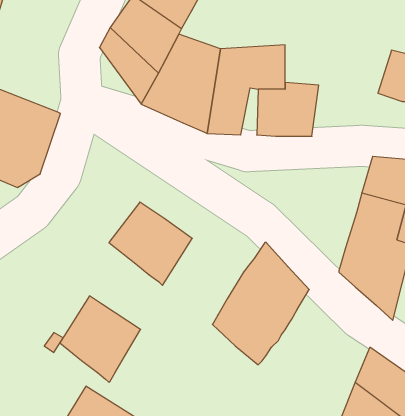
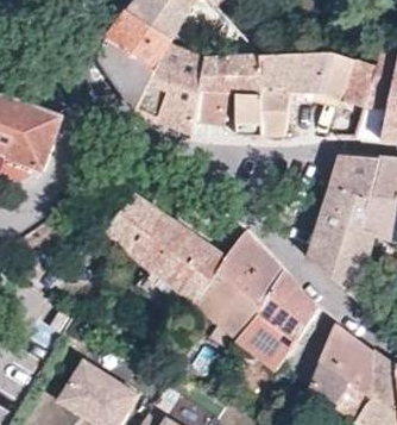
building: none -> [260,51,354,98]
building: none -> [237,271,315,369]
building: [60,296,141,382] -> [152,226,223,302]

